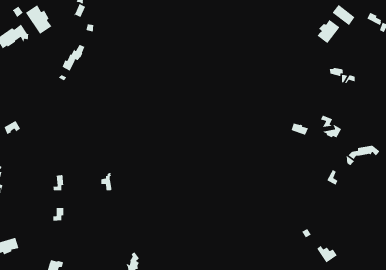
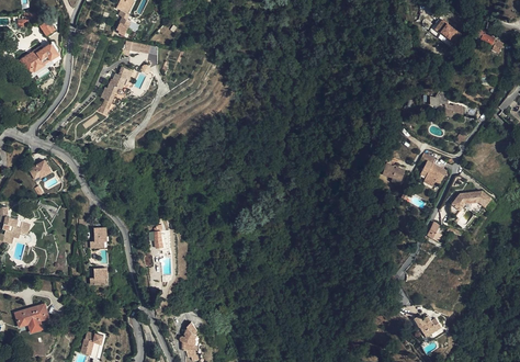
building: [25,4,53,35] -> none
building: [316,19,340,44] -> none

